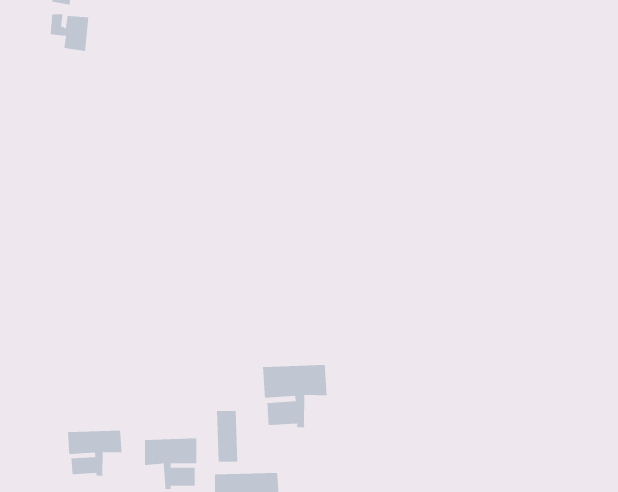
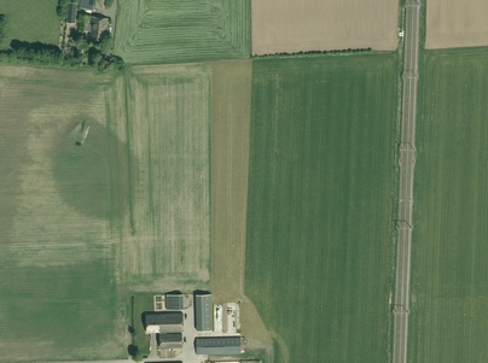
building: [262,364,327,428] -> none
building: [67,430,122,477] -> none

